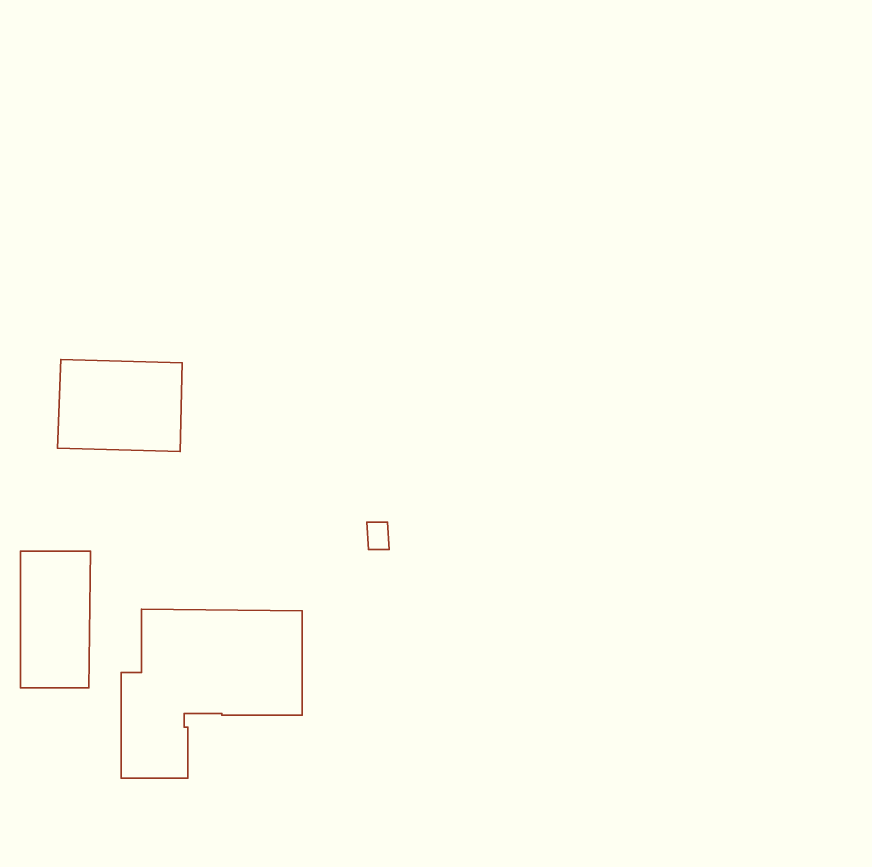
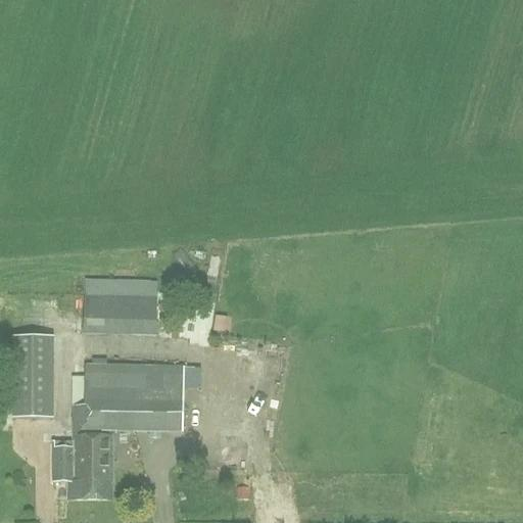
building: [57,359,182,452] -> [83,280,157,335]
building: none -> [52,441,112,498]

